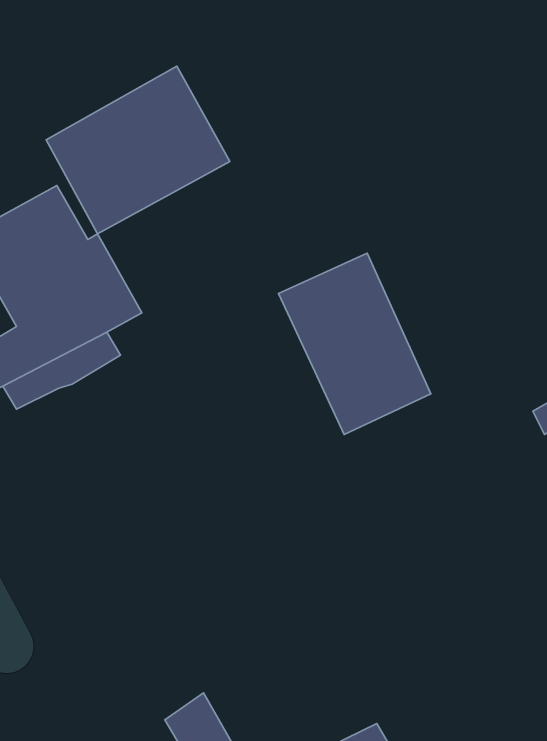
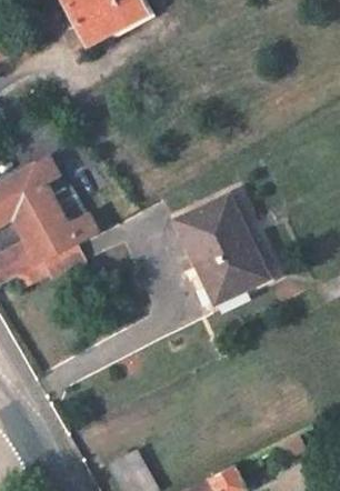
building: [46,66,230,234] -> none

